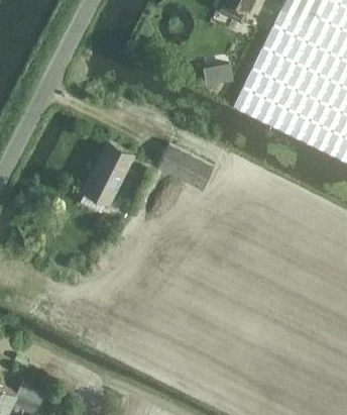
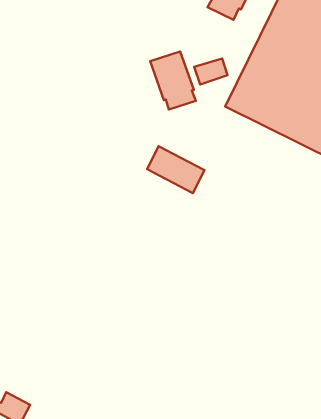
building: none -> [150,52,196,110]
building: [83,144,134,205] -> none

